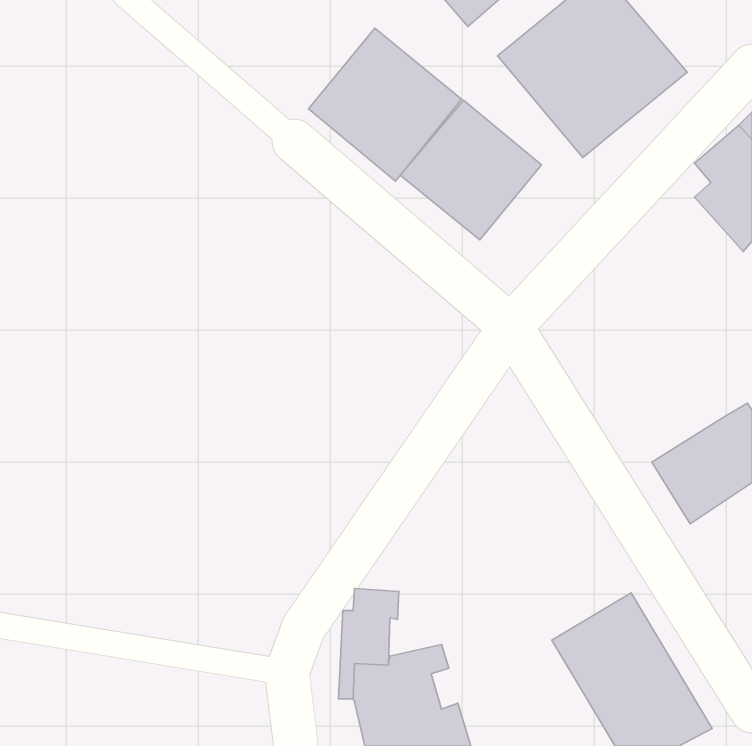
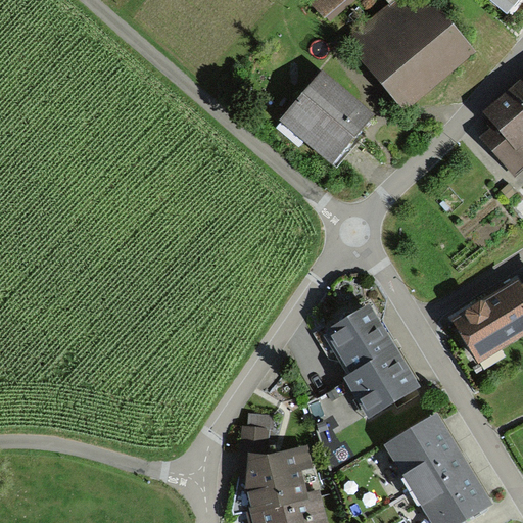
building: [308,28,461,181] -> none
building: none -> [323,303,422,420]

